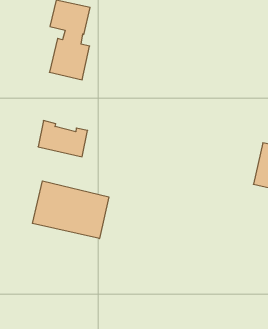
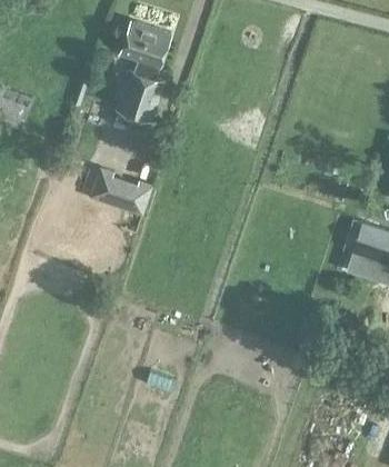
building: [32,181,109,239] -> none

